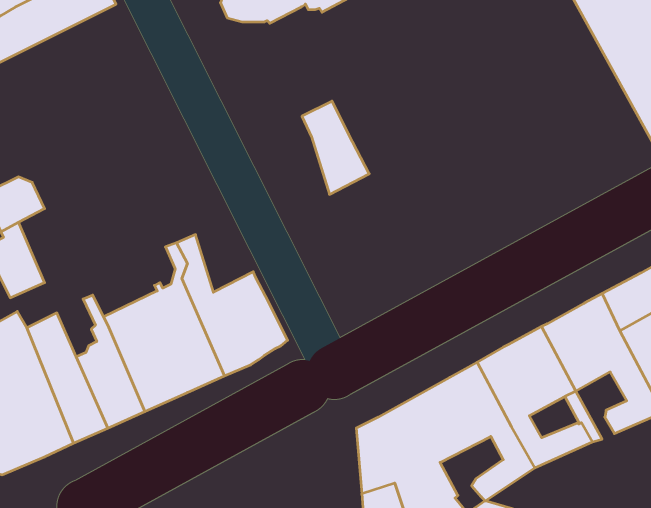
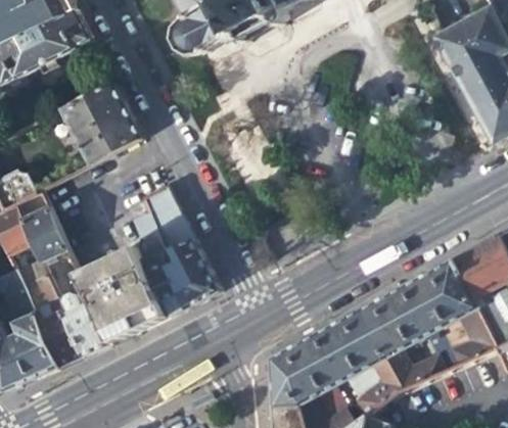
building: none -> [63,83,142,162]
building: [302,101,369,194] -> [144,184,194,253]
building: none -> [19,190,70,257]

